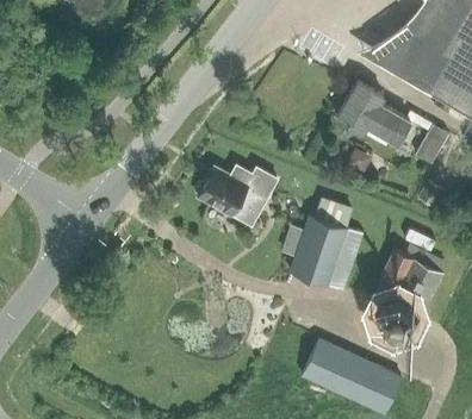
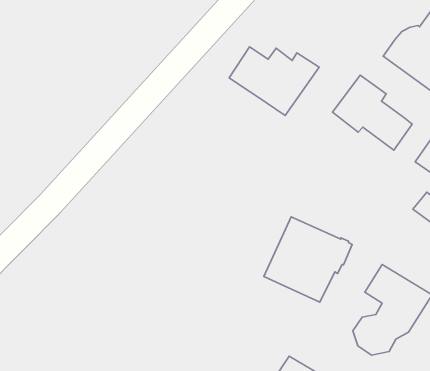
building: [197,165,277,225] -> [229,47,319,115]

